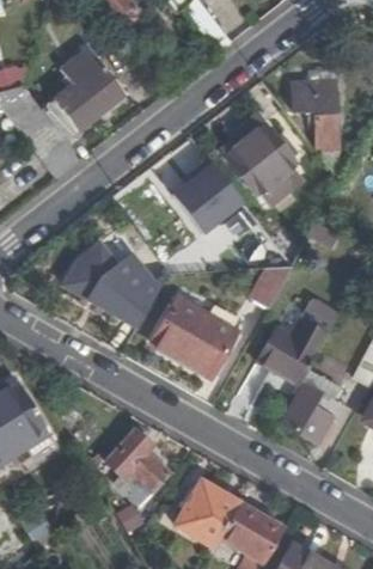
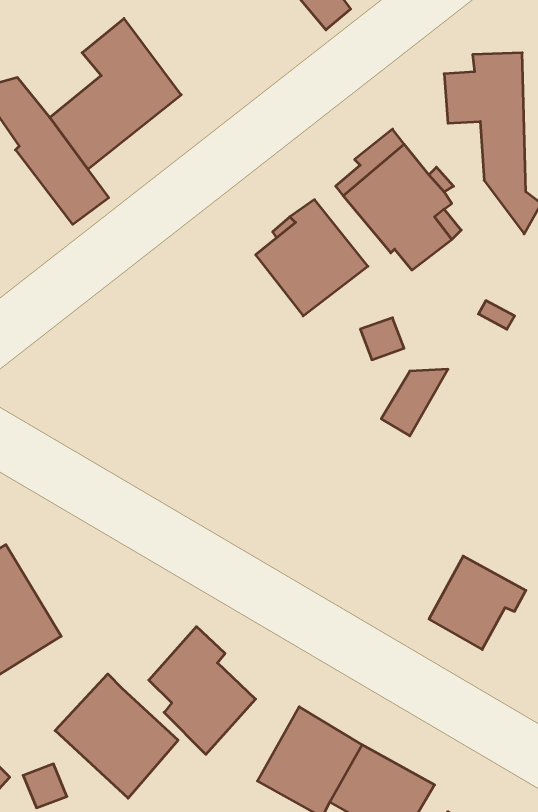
building: [72,245,161,326] -> none
building: [152,299,236,374] -> none
building: [257,300,337,384] -> none
building: none -> [55,674,178,798]

